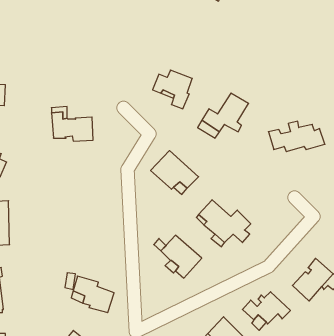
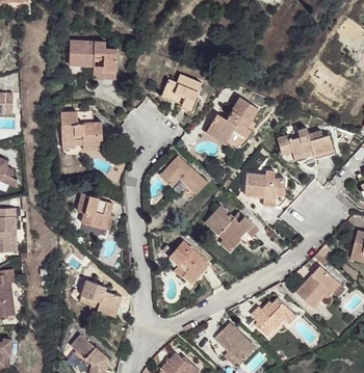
building: none -> [69,43,115,79]
building: none -> [243,171,283,204]
building: none -> [76,195,112,231]

